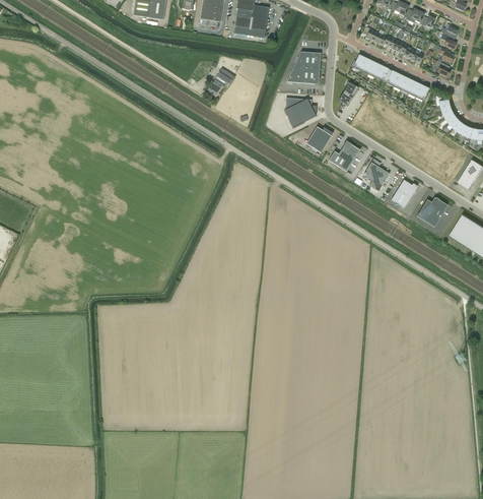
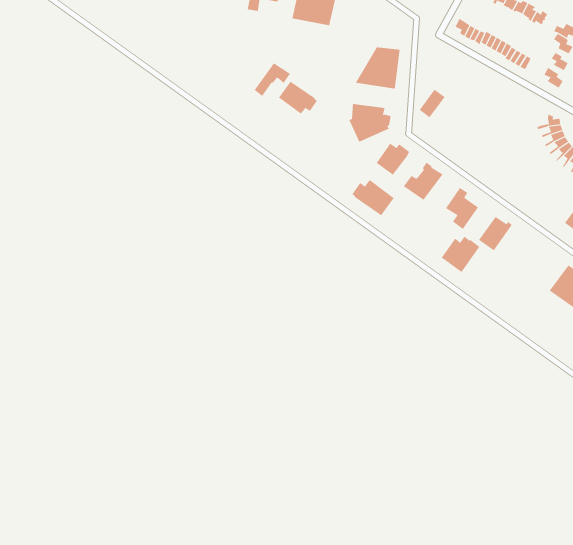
building: [351,54,429,102] -> none
building: none -> [278,81,318,115]
building: none -> [352,179,395,216]
building: [417,197,447,227] -> [441,236,480,273]

